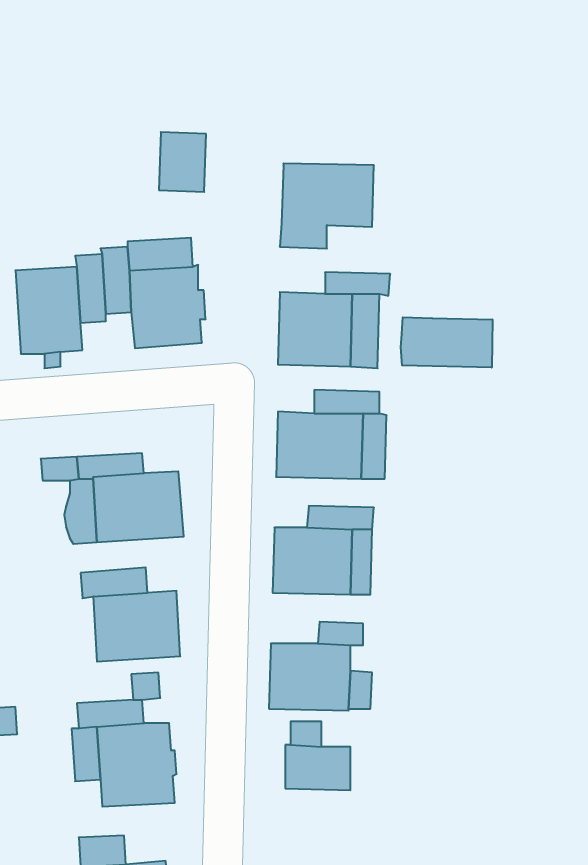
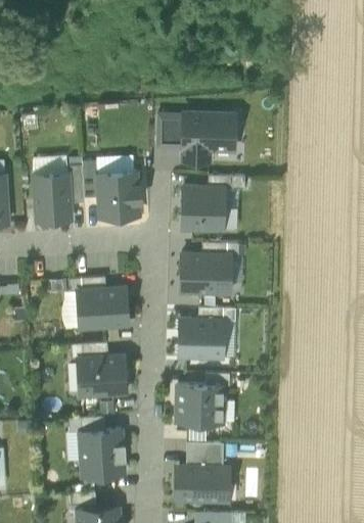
building: [159,132,206,192] -> [157,115,184,149]
building: none -> [32,157,67,176]
building: [401,317,492,368] -> none
building: none -> [174,468,228,502]

